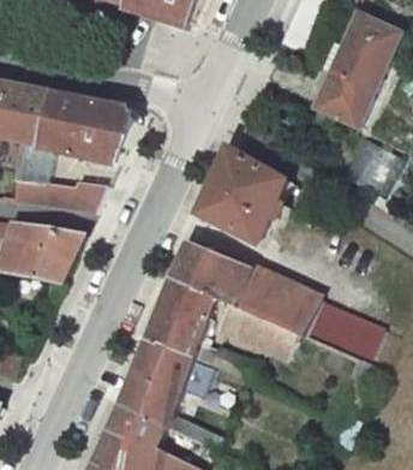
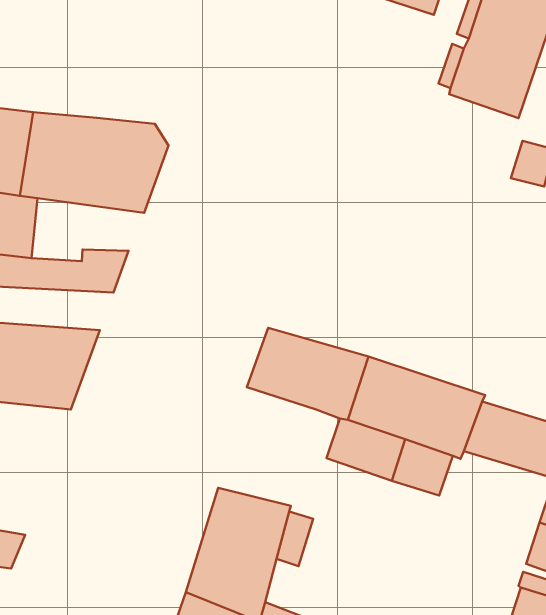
building: [199,145,288,243] -> none
building: [146,276,255,380] -> none

